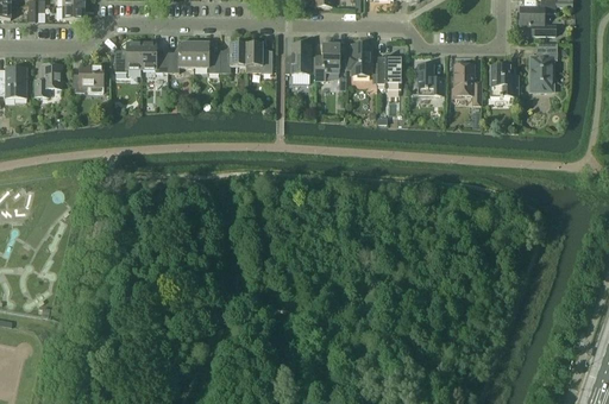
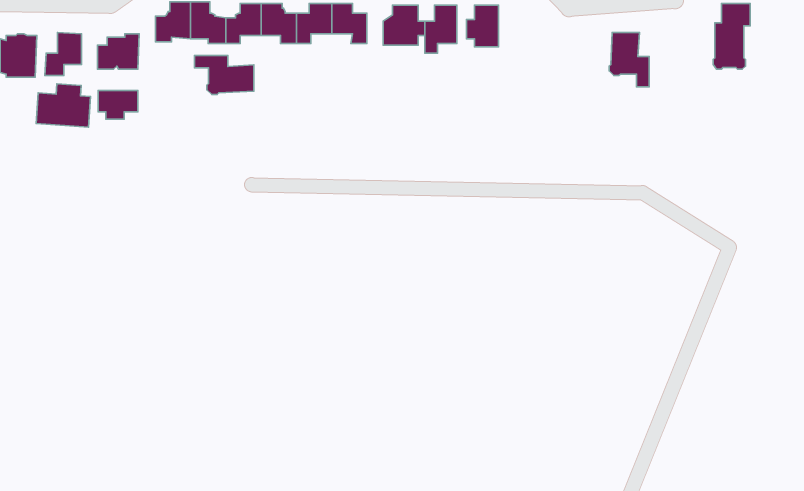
building: [377,55,401,88] -> none
building: [417,63,445,94] -> none
building: [489,63,519,95] -> none
building: none -> [195,56,254,94]
building: none -> [36,84,90,127]
building: none -> [98,91,138,119]

